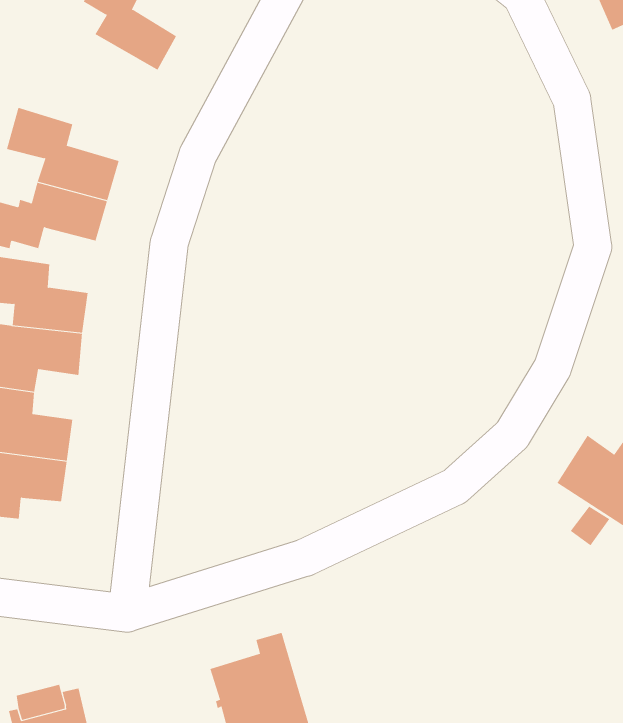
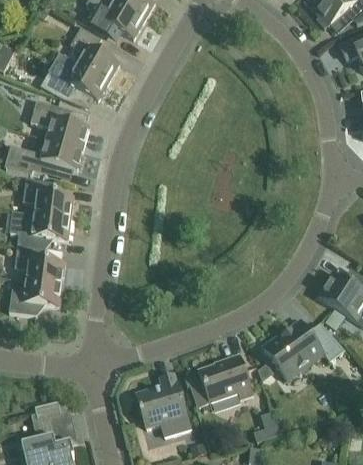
building: none -> [49,52,109,100]
building: none -> [263,321,345,379]
building: none -> [189,355,253,407]

